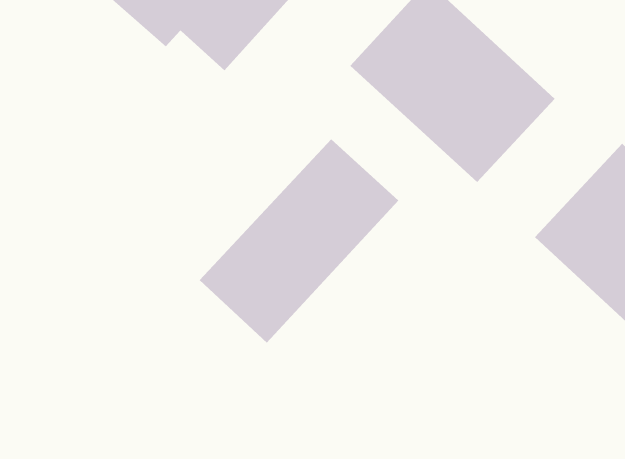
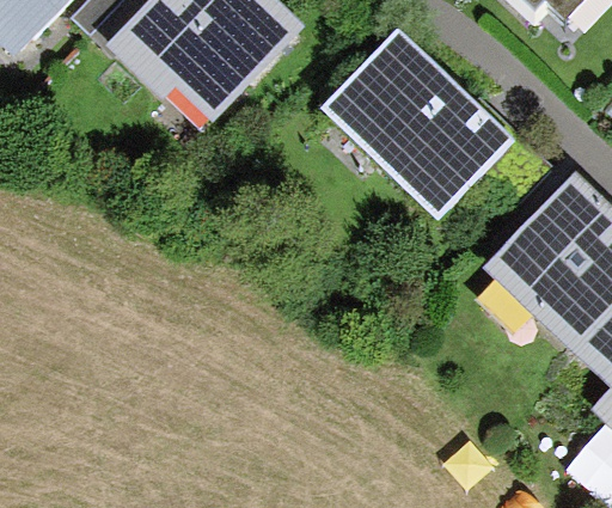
building: [199,138,399,343] -> none

